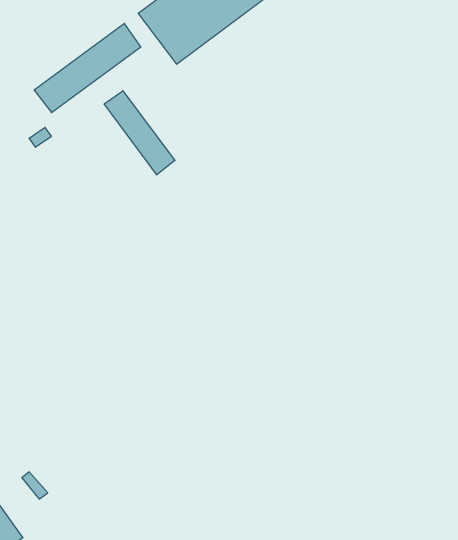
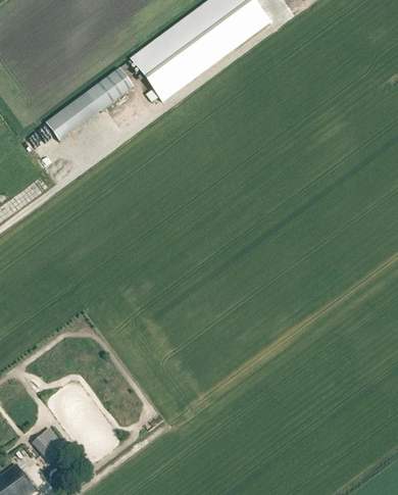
building: [104,91,175,175] -> none

